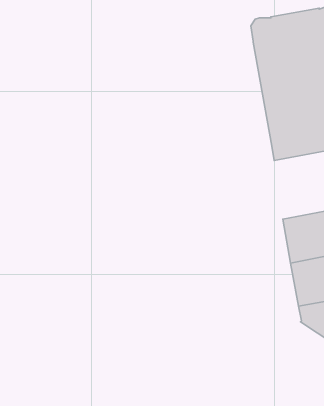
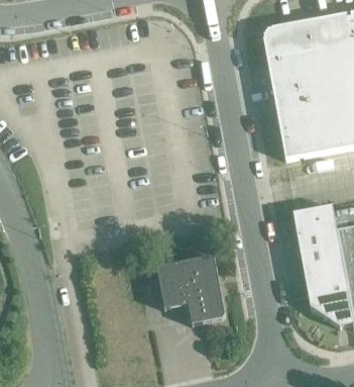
building: none -> [156,255,225,323]

